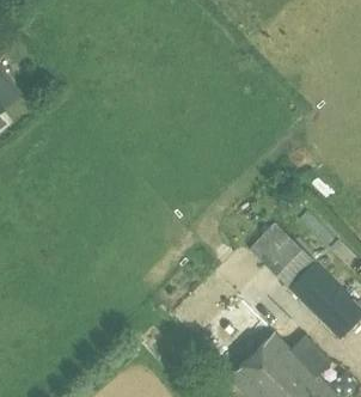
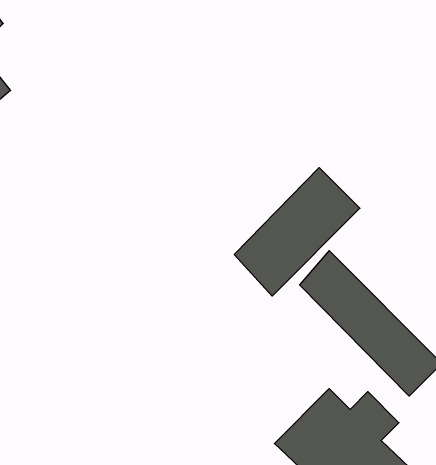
building: none -> [234,168,360,296]

